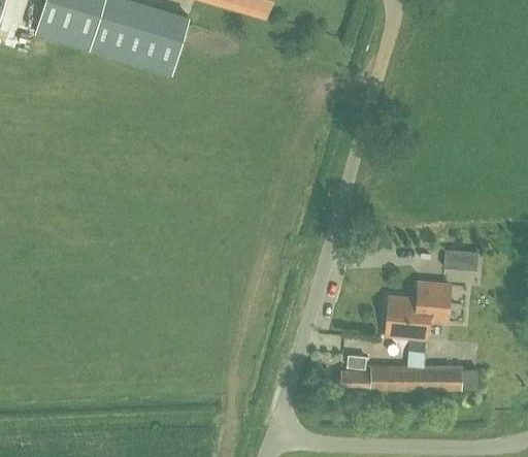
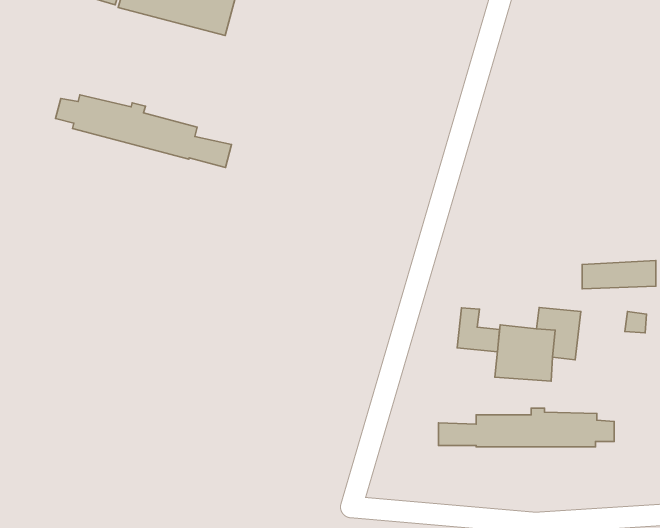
building: none -> [56,95,232,167]
building: none -> [457,308,500,352]

